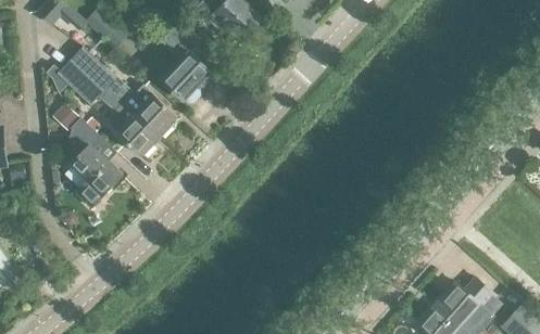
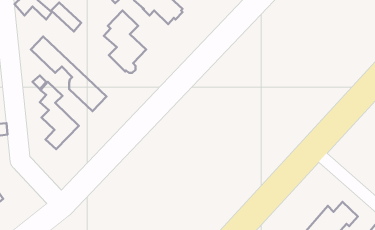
building: [74,48,177,136] -> none

